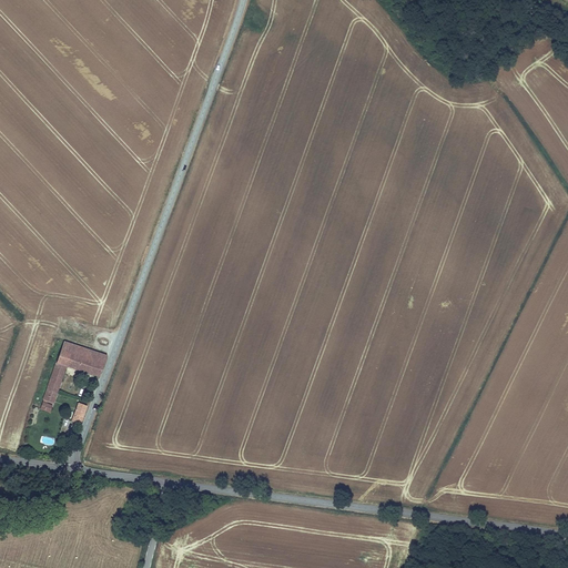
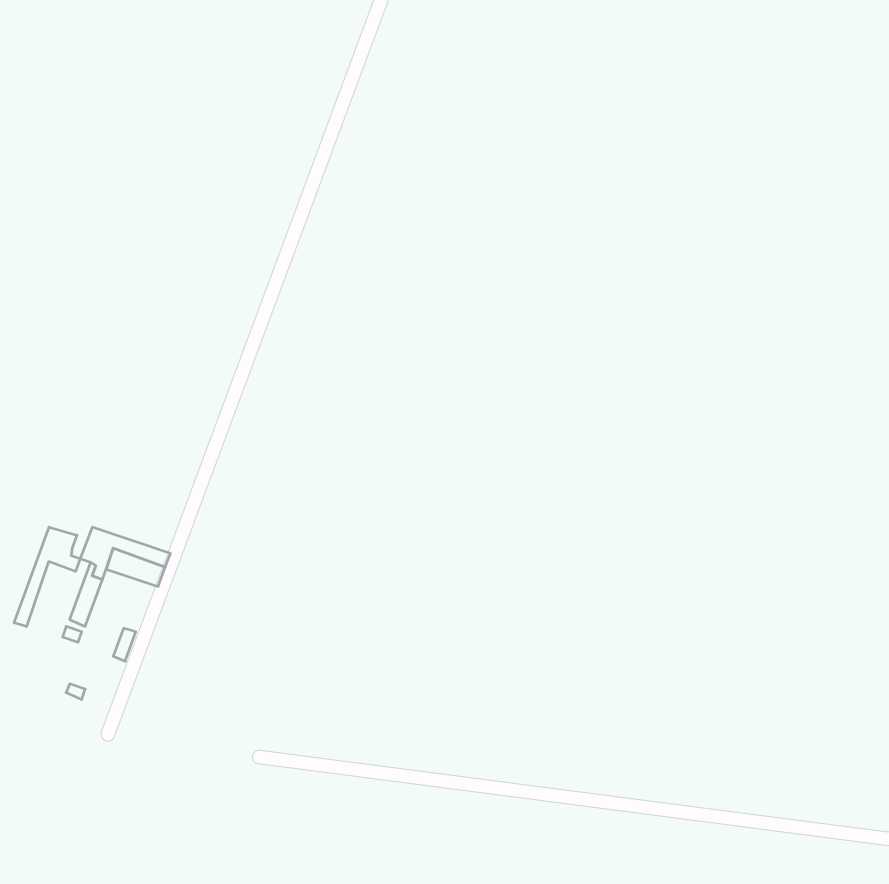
building: none -> [14,527,80,627]

